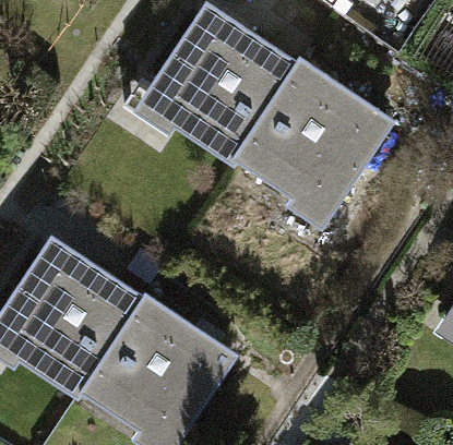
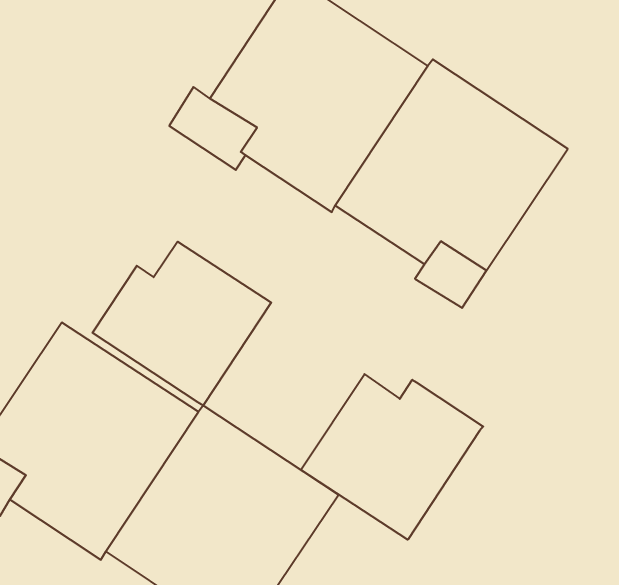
building: none -> [93,242,271,405]
building: none -> [301,374,483,540]

